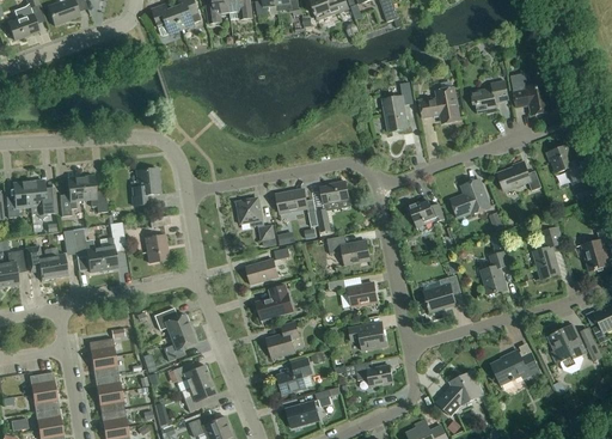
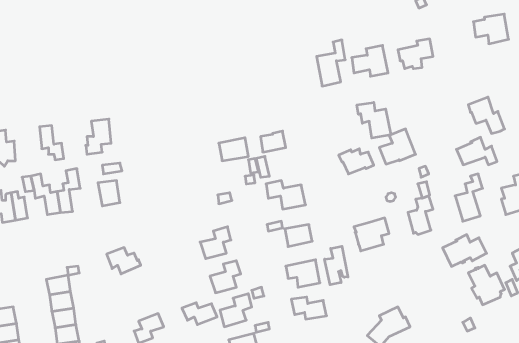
building: [514,83,552,115] -> [473,14,509,44]
building: none -> [357,102,391,138]
building: [497,160,541,190] -> [456,137,497,165]
building: [60,176,84,215] -> none
building: [237,197,275,240] -> none
building: [246,258,279,285] -> none
building: none -> [325,246,348,285]
building: [164,327,196,361] -> none
building: [491,349,539,384] -> [443,235,487,266]
building: [172,364,210,388] -> [182,303,217,325]

